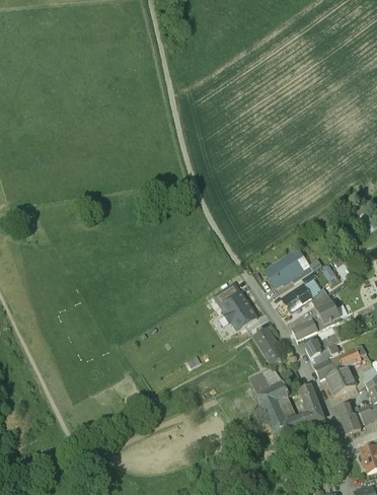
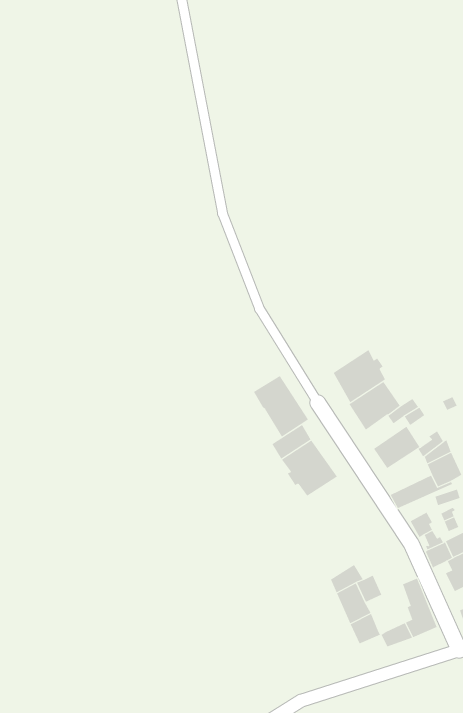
building: none -> [333,349,386,403]
building: none -> [253,375,309,438]
building: [253,327,280,363] -> none

